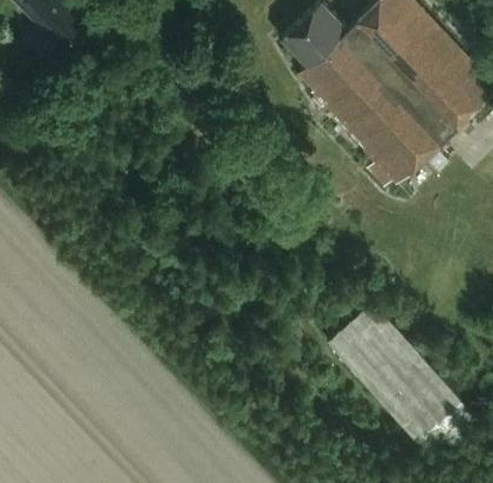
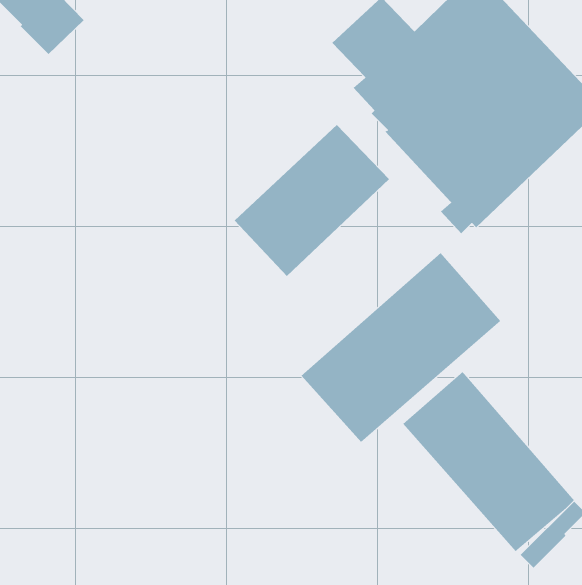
building: none -> [234,124,390,277]
building: none -> [300,252,501,443]

